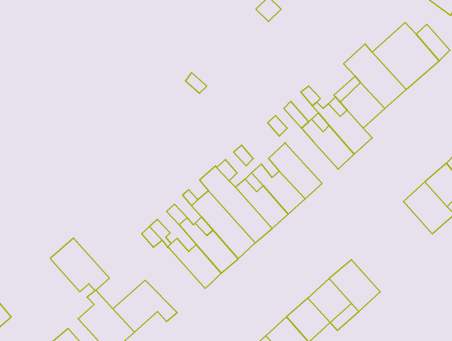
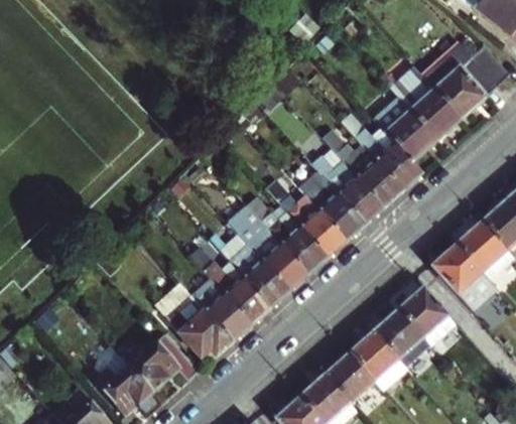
building: none -> [324,167,383,223]
building: none -> [431,243,496,309]
building: [50,238,109,292] -> [166,295,233,356]
building: none -> [398,286,457,344]

